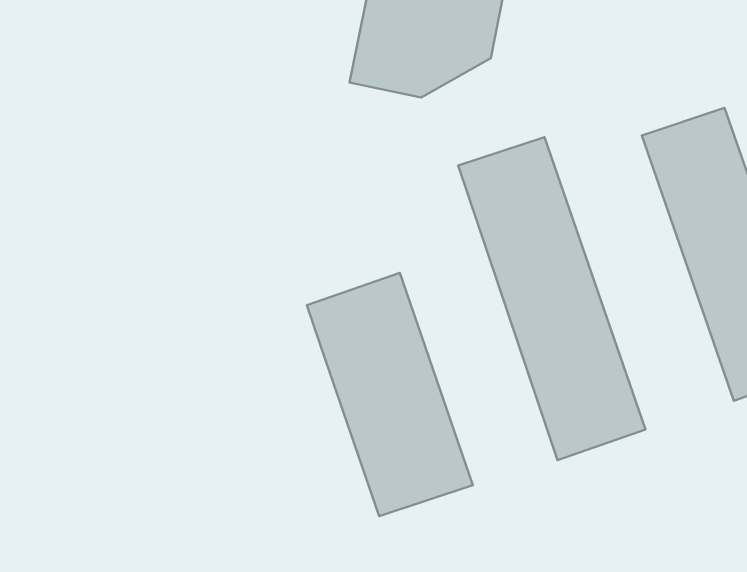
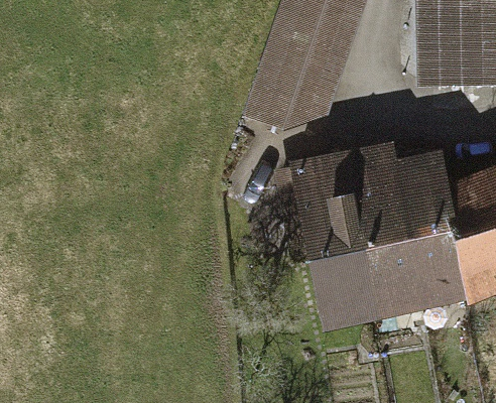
building: none -> [346,144,428,318]
building: [307,273,473,516] -> none

